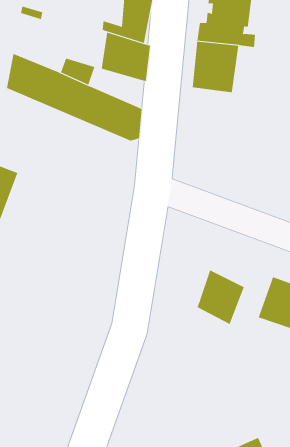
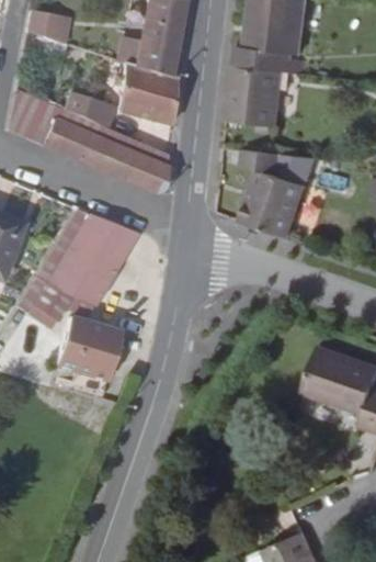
building: none -> [240,150,306,237]
building: none -> [27,211,139,325]
building: none -> [57,317,119,381]
building: [197,269,244,325] -> none

